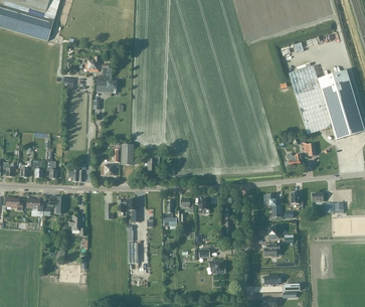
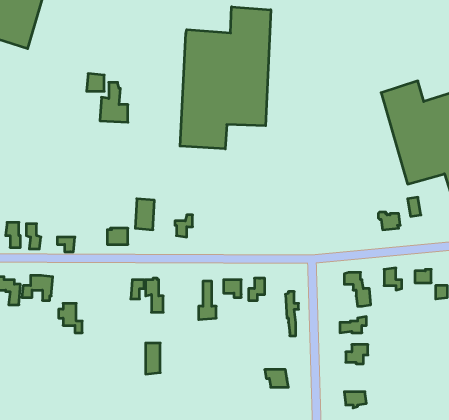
building: none -> [180,7,271,149]

